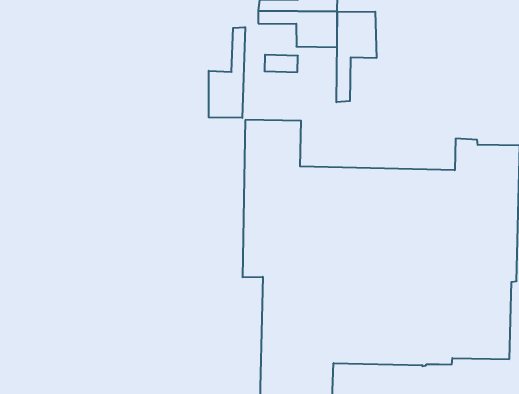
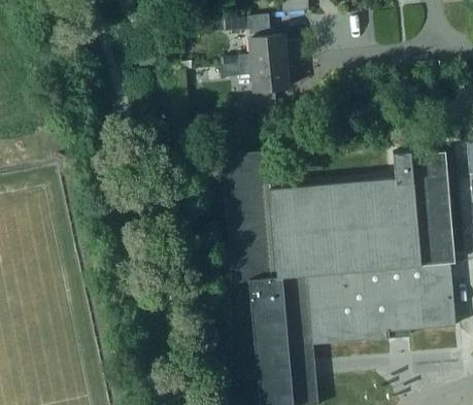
building: [336,12,376,102] -> none
building: [209,27,245,118] -> none

